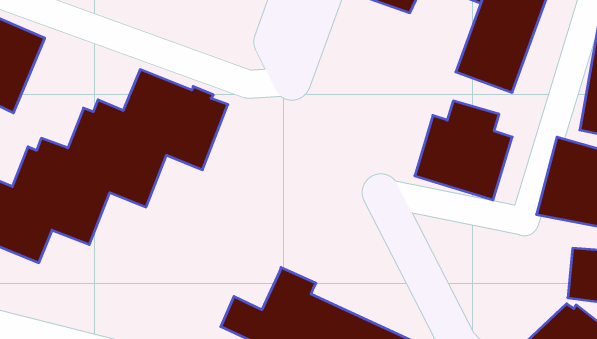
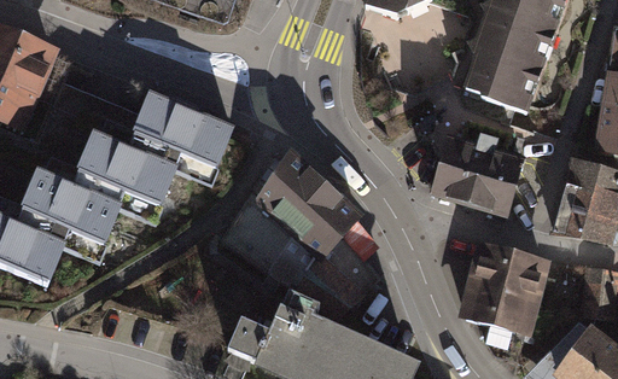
building: none -> [218,145,377,316]
building: none -> [455,239,549,346]

